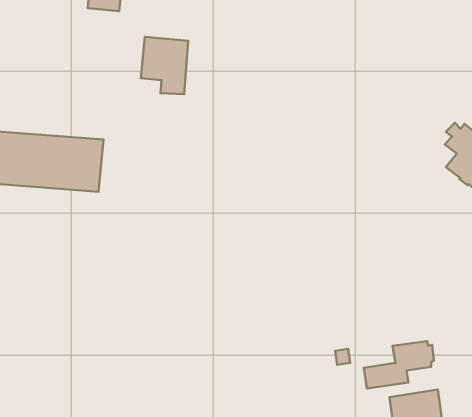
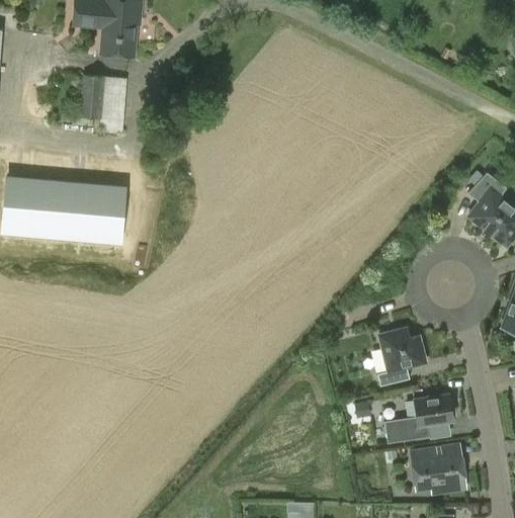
building: [141,37,188,94] -> [79,75,127,134]
building: none -> [377,328,426,386]

